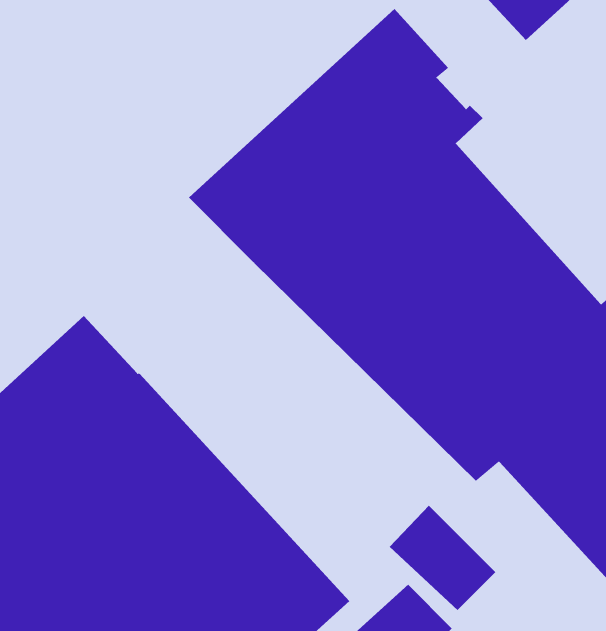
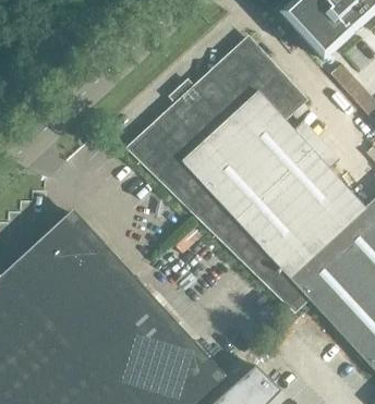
building: [389,505,496,611] -> none

